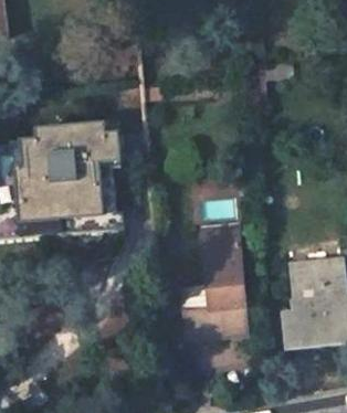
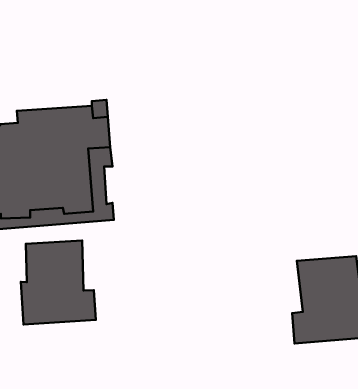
building: [185,223,246,341] -> none
building: none -> [21,240,96,325]

